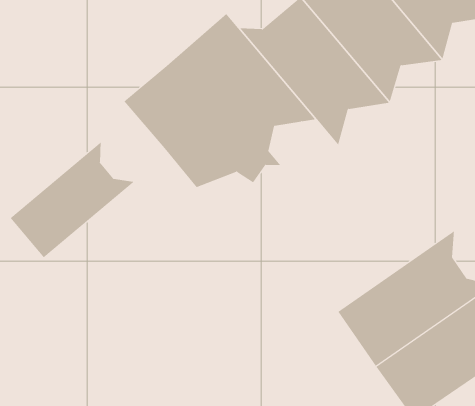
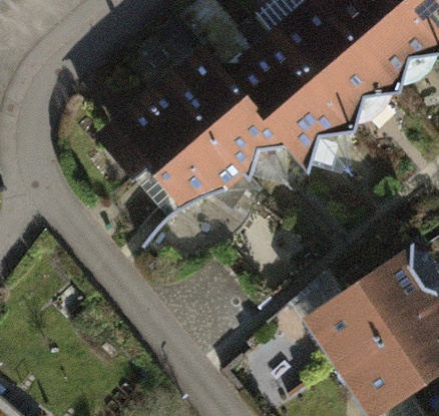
building: [10,141,135,258] -> none

